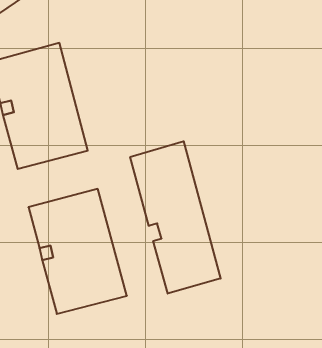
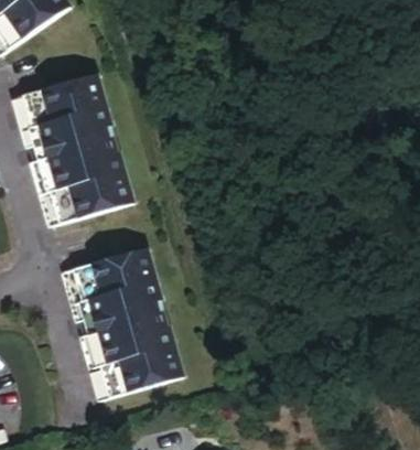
building: [130,141,221,294] -> none

